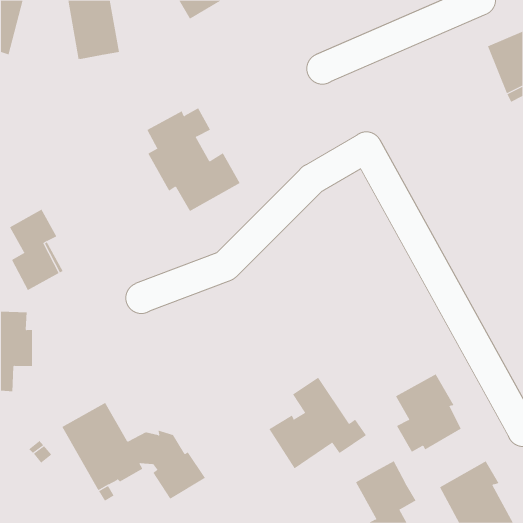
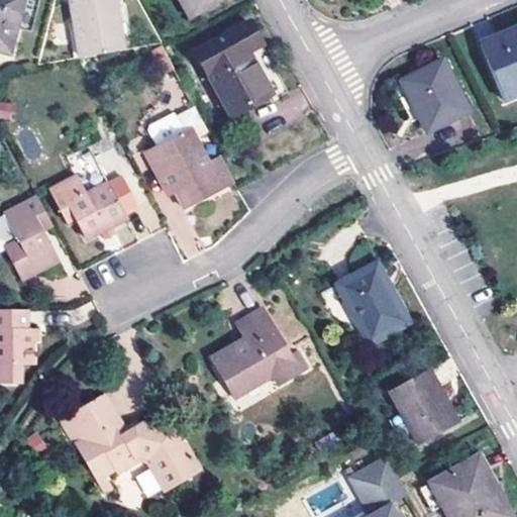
building: none -> [196,19,284,113]
building: none -> [400,60,469,131]
building: none -> [51,163,128,238]
building: none -> [336,261,409,344]
building: [268,377,367,469] -> [212,305,309,396]

